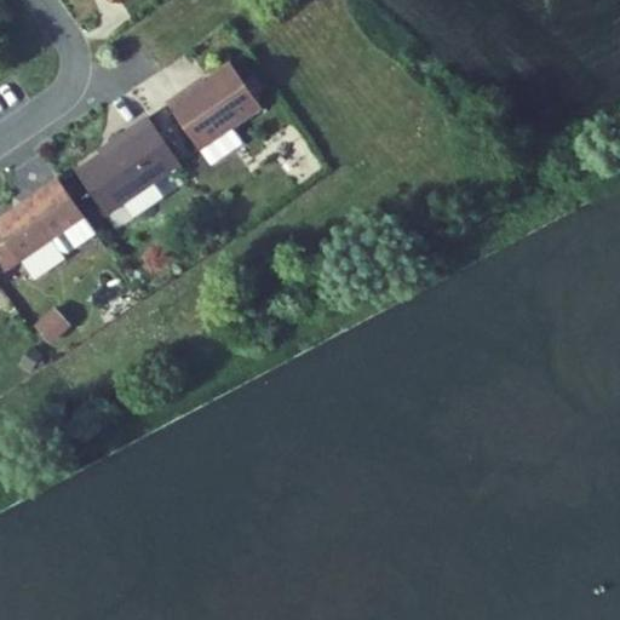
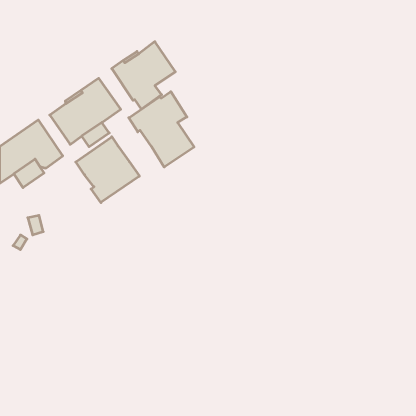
building: none -> [129,92,194,167]
building: none -> [76,137,139,203]

